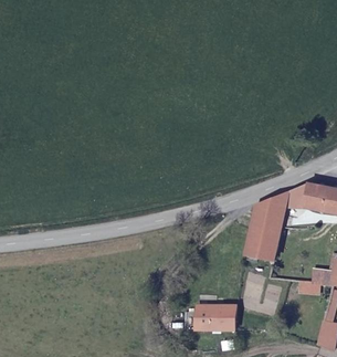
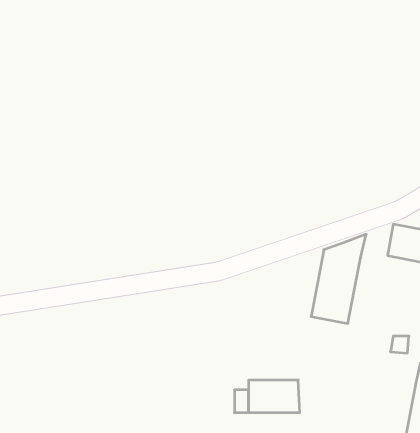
building: [284,182,309,209] -> none

